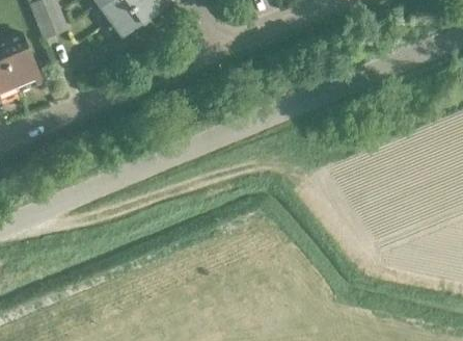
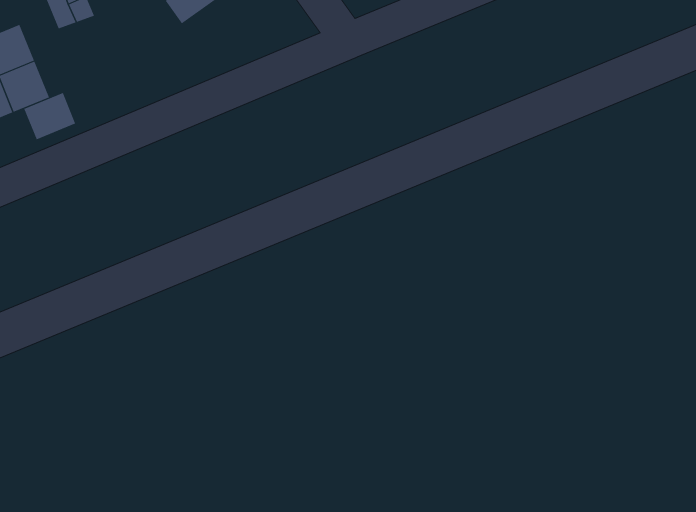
building: none -> [24,92,76,140]

